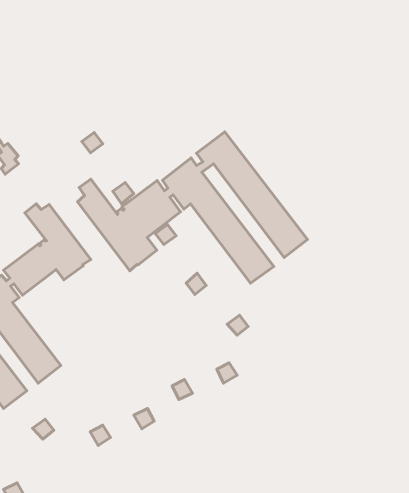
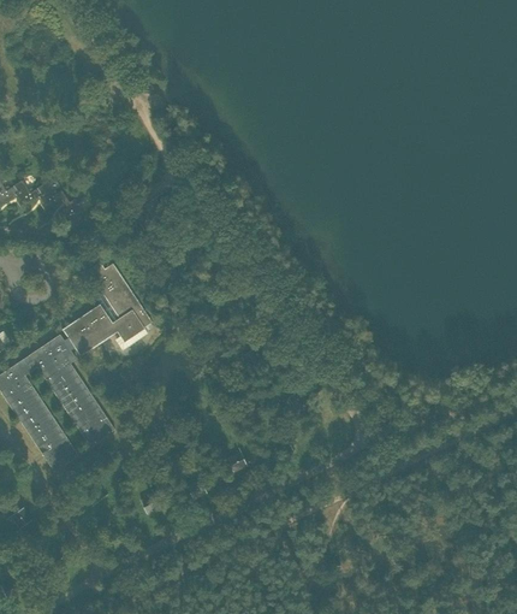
building: [77,132,308,283] -> none

